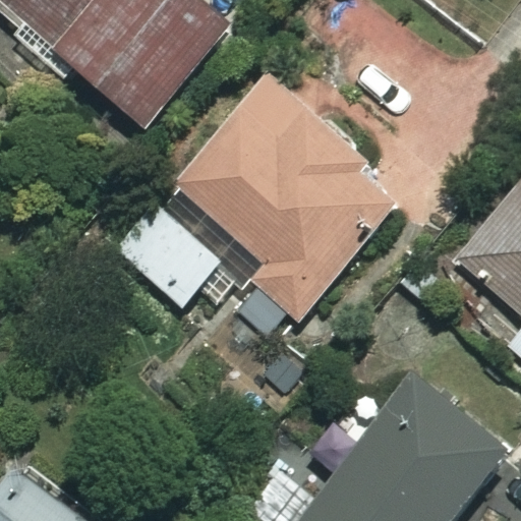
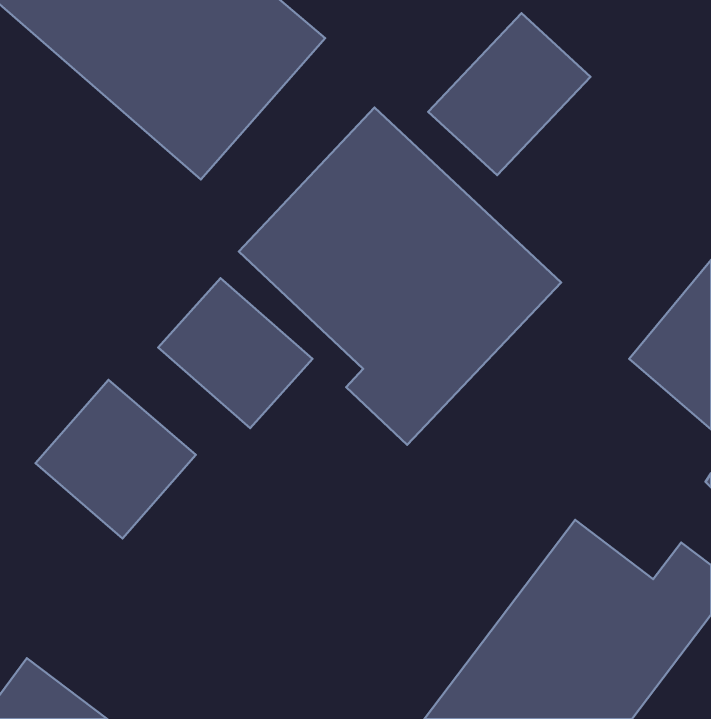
building: none -> [428,13,590,175]
building: none -> [35,380,196,538]

